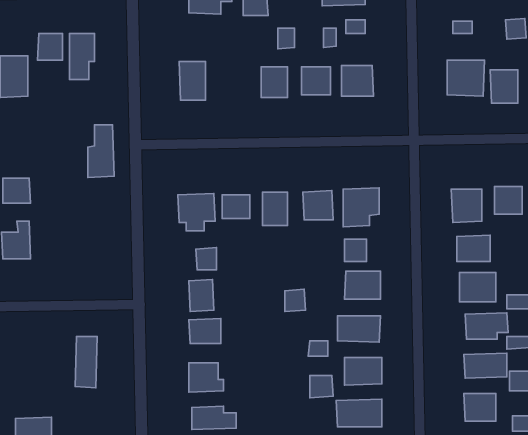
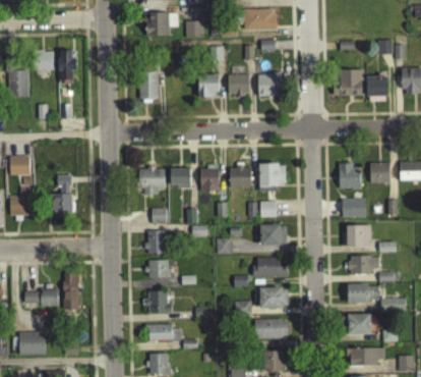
building: [88,125,114,178] -> [53,175,72,214]
building: none -> [24,290,58,307]

